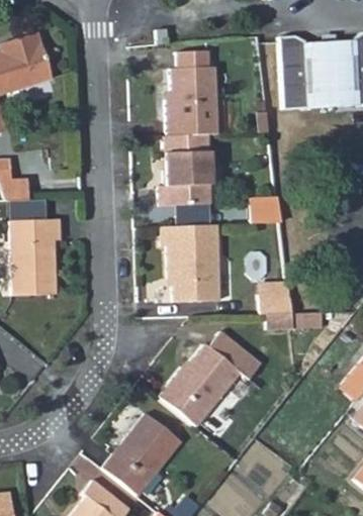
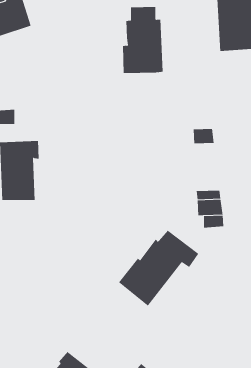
building: [160,135,211,204] -> none
building: [163,225,220,302] -> none
building: [103,412,181,494] -> none

